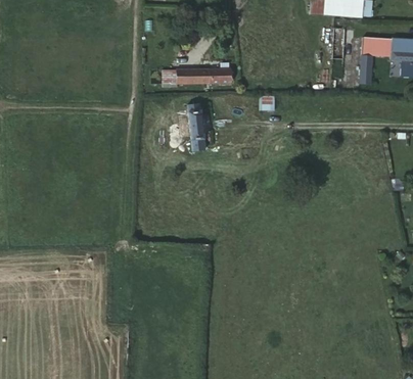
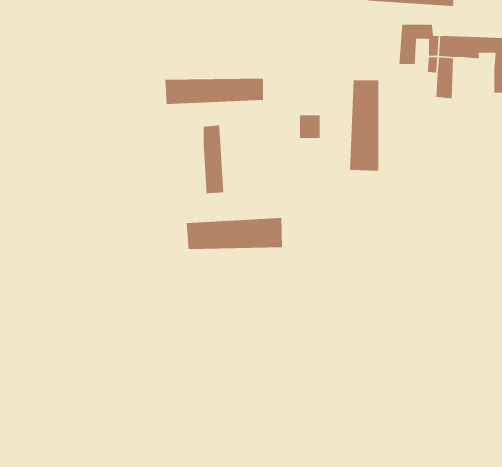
building: none -> [349,80,379,171]
building: none -> [186,217,283,250]

